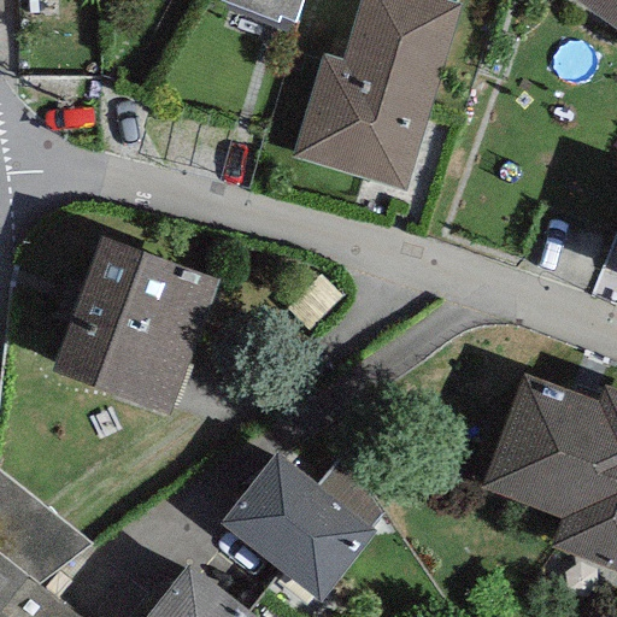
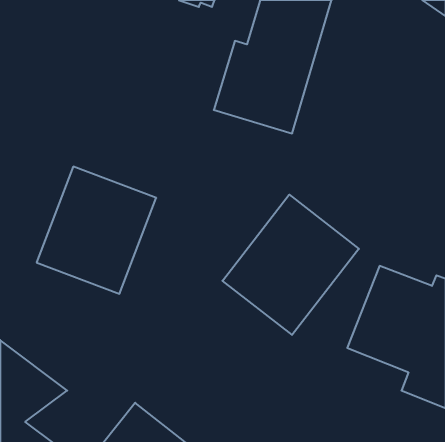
building: none -> [222,195,359,335]
building: [222,452,376,599] -> none

